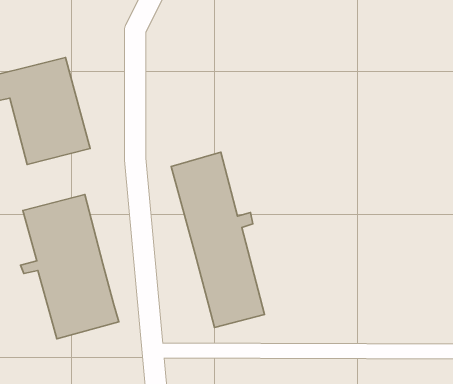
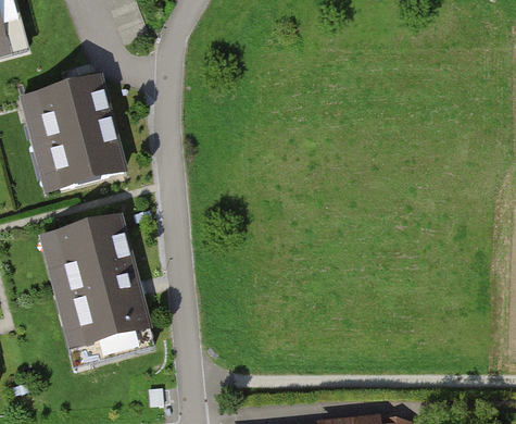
building: [171,152,265,328] -> none

